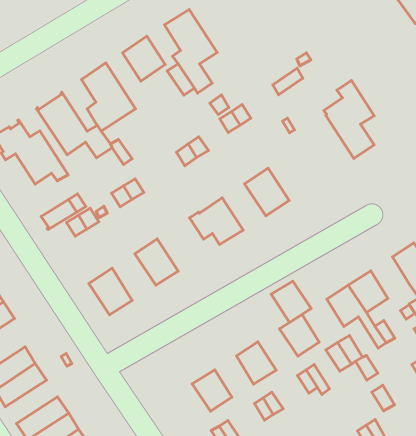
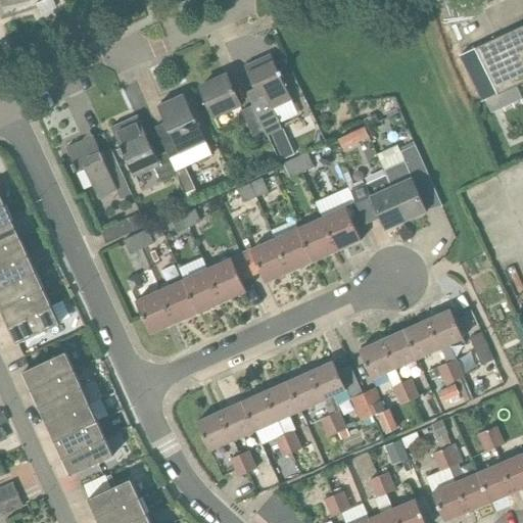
building: none -> [349,175,405,229]
building: none -> [322,206,361,250]
building: none -> [274,228,313,272]
building: none -> [206,252,250,301]
building: none -> [159,279,198,323]
building: none -> [405,319,439,358]
building: [271,281,311,323] -> [287,371,323,410]
building: none -> [242,390,277,429]
building: none -> [38,386,89,423]
building: none -> [196,411,232,449]

